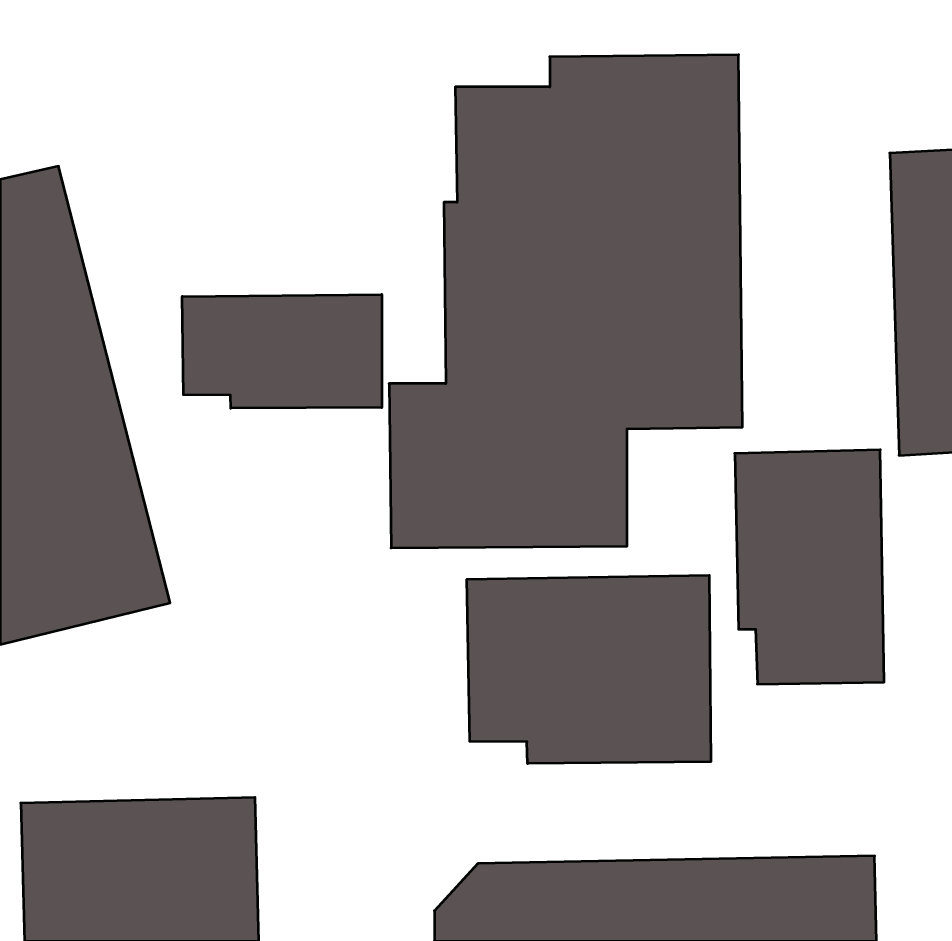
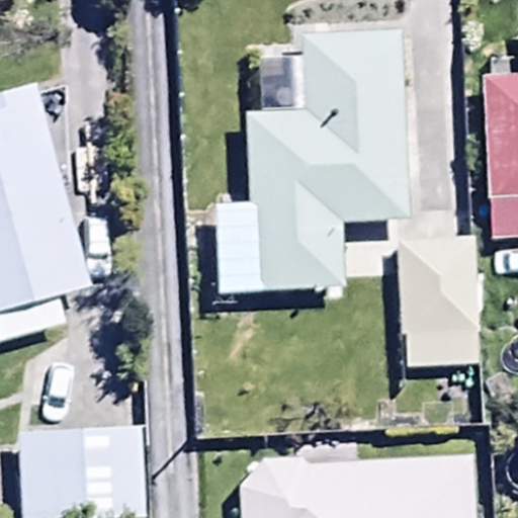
building: [182,294,382,408] -> none
building: [467,575,711,764] -> none

